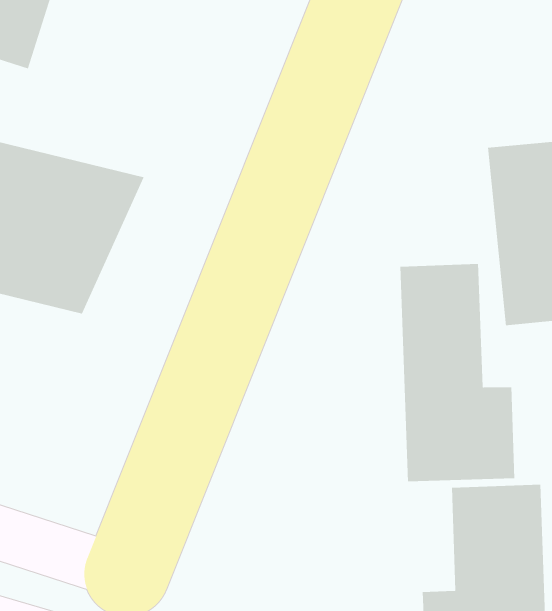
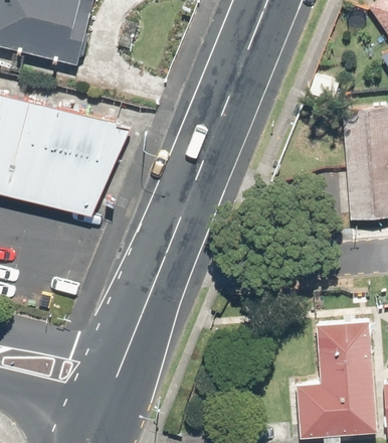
building: [400,263,515,482] -> none

